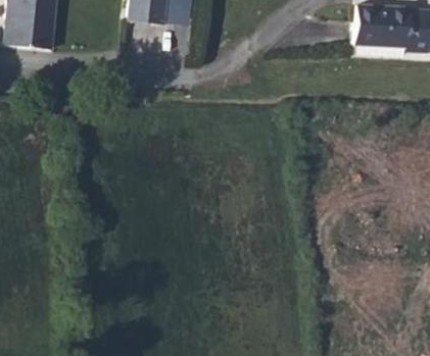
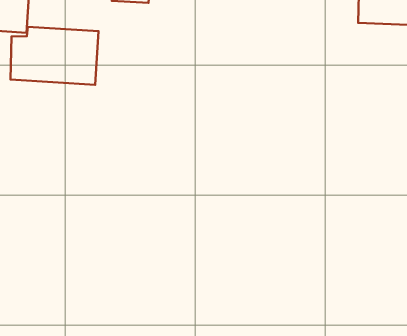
building: none -> [10,27,98,85]

